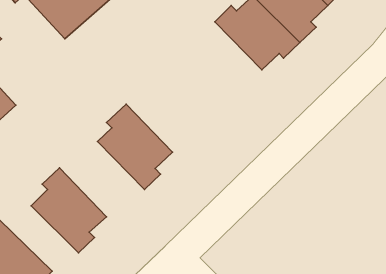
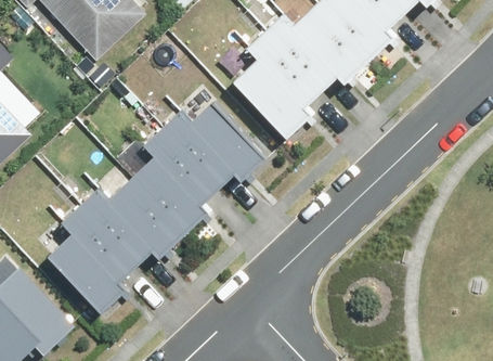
building: none -> [235,34,324,136]
building: none -> [161,101,263,190]
building: none -> [81,177,183,267]

